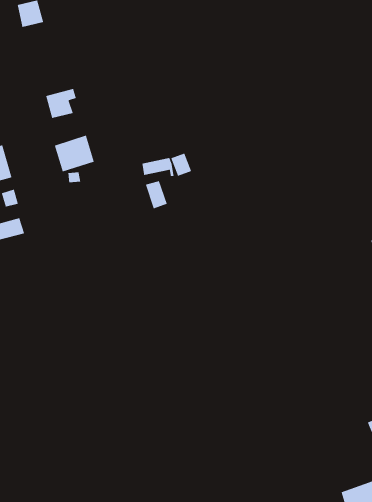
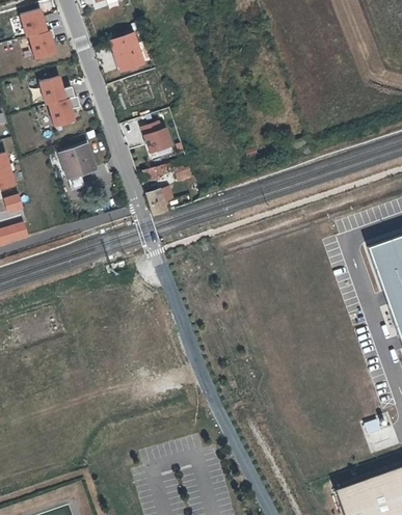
building: none -> [29,31,56,59]
building: none -> [109,32,142,72]
building: none -> [39,76,75,103]
building: none -> [139,119,172,155]

